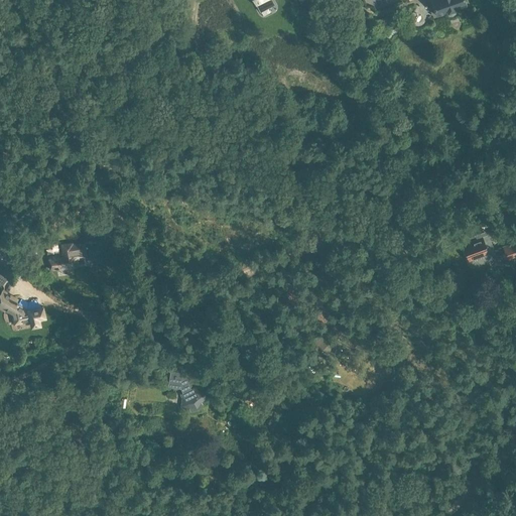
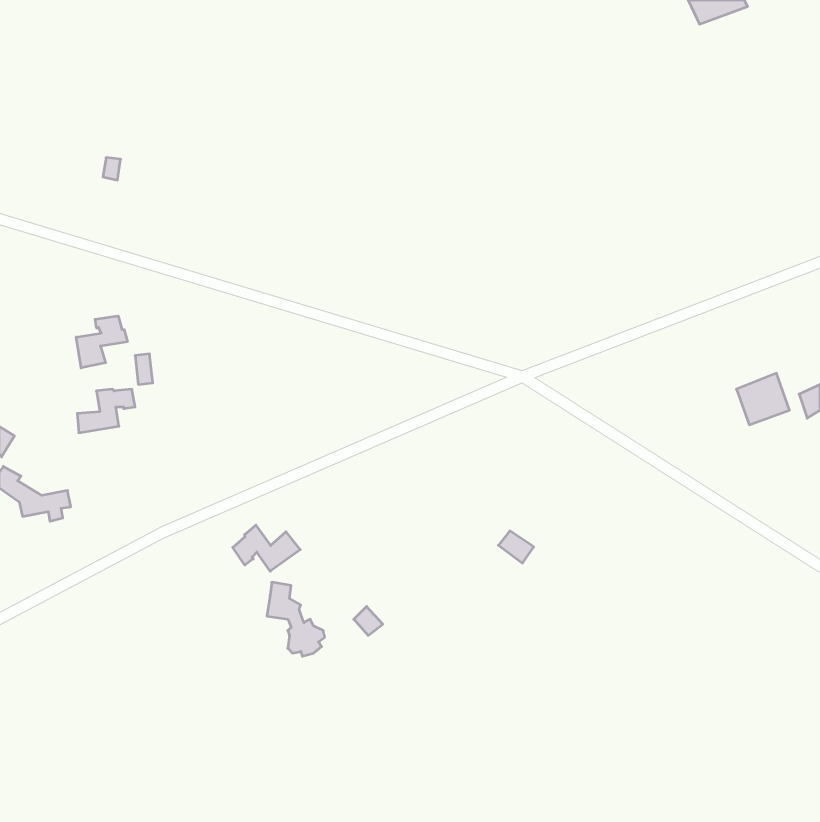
building: none -> [76,316,127,368]
building: none -> [233,525,300,571]

